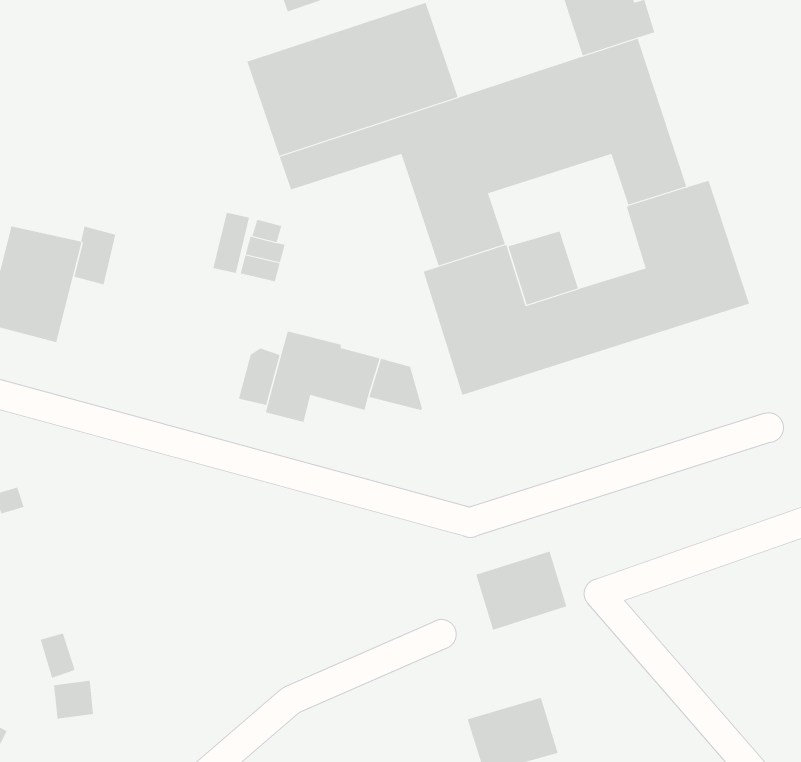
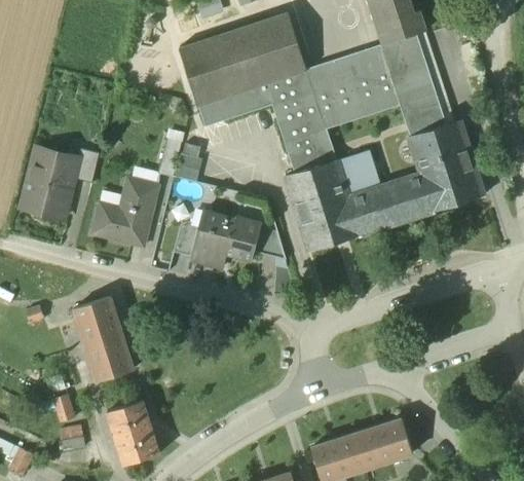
building: none -> [91,178,158,247]
building: none -> [74,297,133,380]
building: [476,551,567,630] -> [357,419,412,468]
building: none -> [106,400,159,465]

